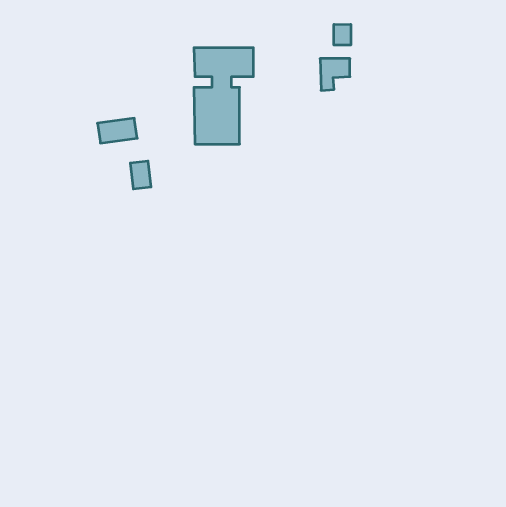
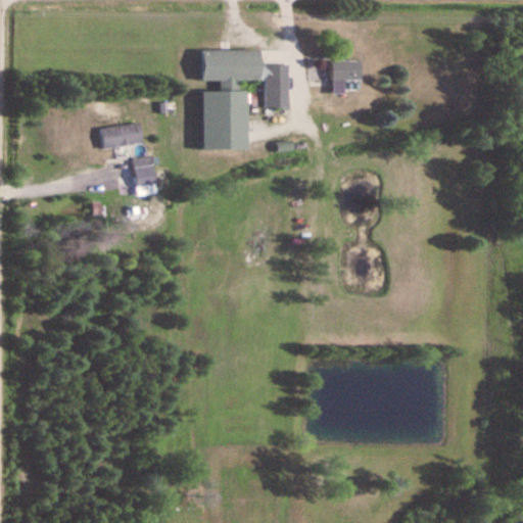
building: [334,24,351,45] -> none
building: none -> [266,64,290,107]

